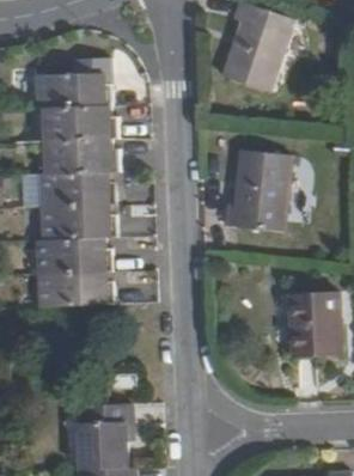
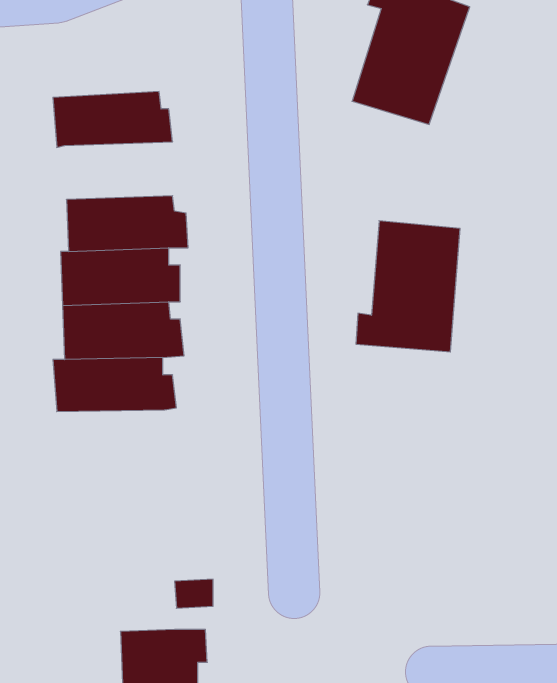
building: [44,102,120,138] -> none
building: [39,268,115,303] -> none
building: [287,293,340,359] -> none

